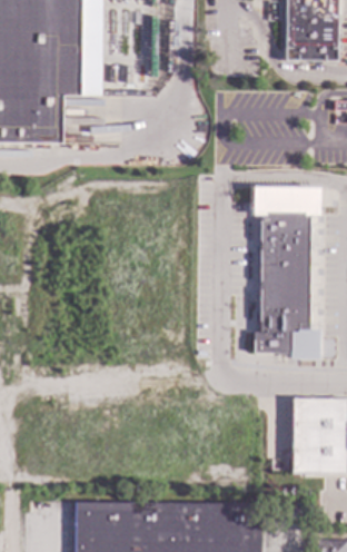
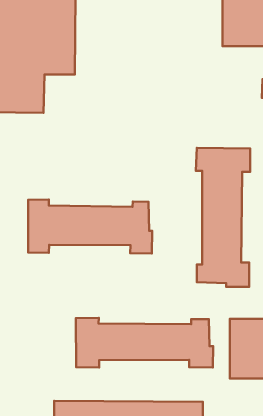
building: none -> [28,199,152,253]
building: none -> [76,318,213,367]

